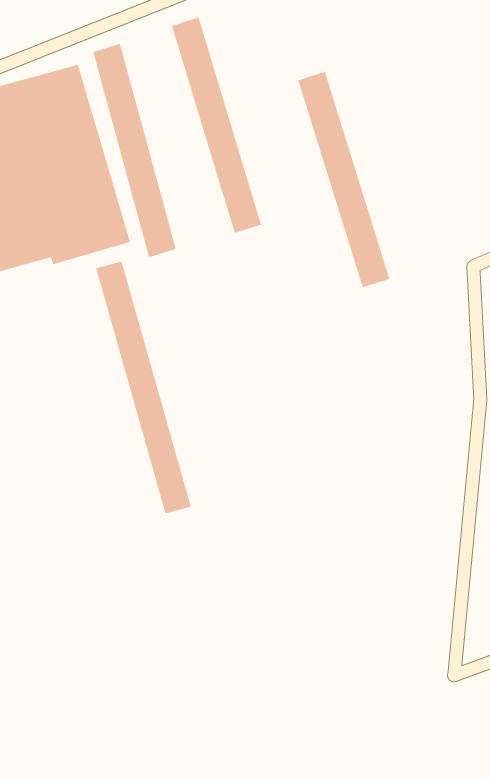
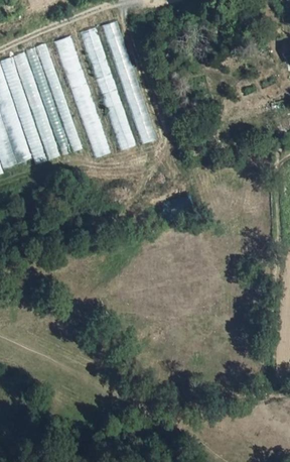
building: [298,71,390,288] -> [80,26,133,151]
building: [95,261,191,514] -> none

